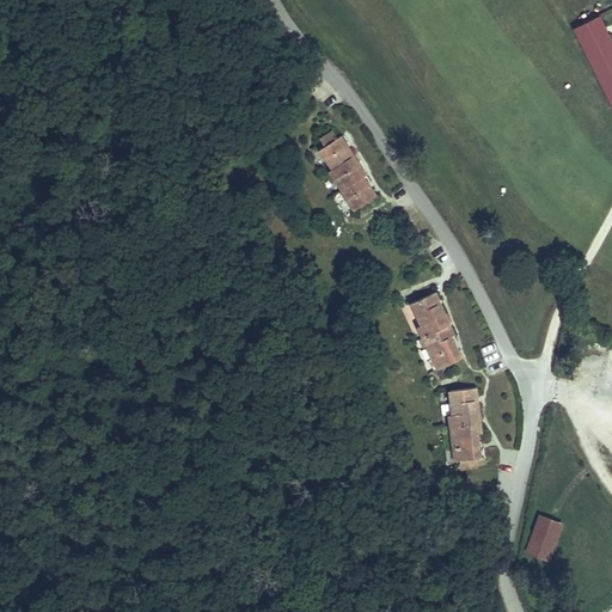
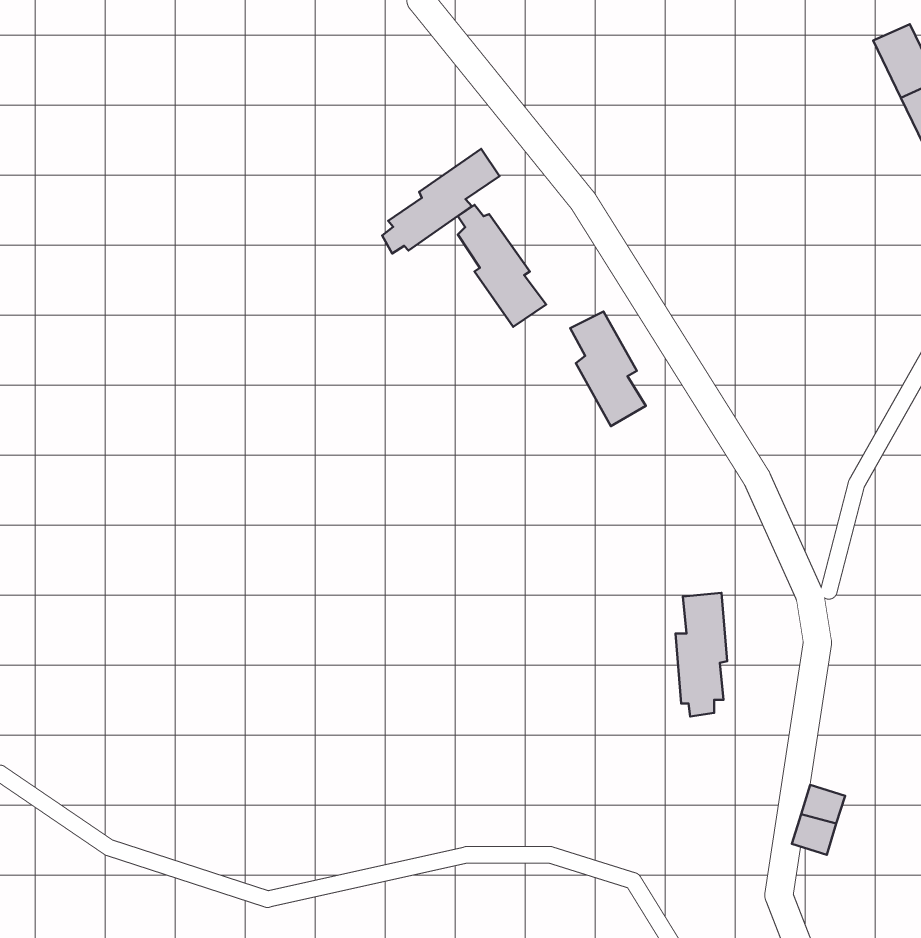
building: none -> [382,149,499,254]
building: [411,294,460,368] -> [570,312,646,426]

